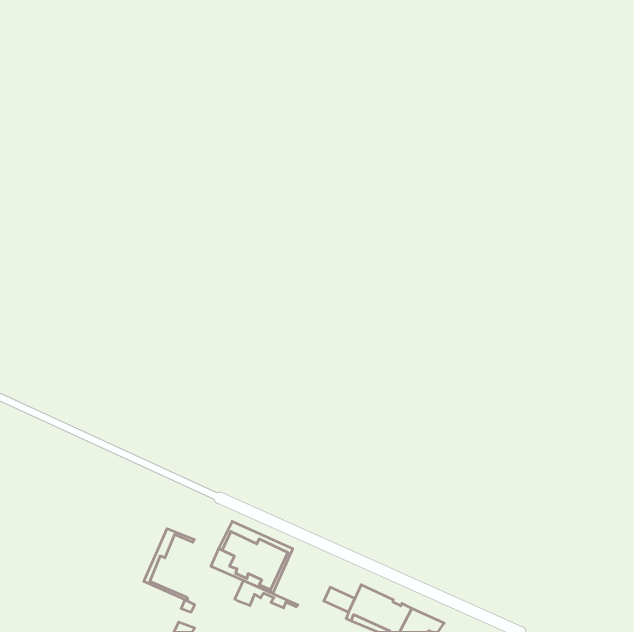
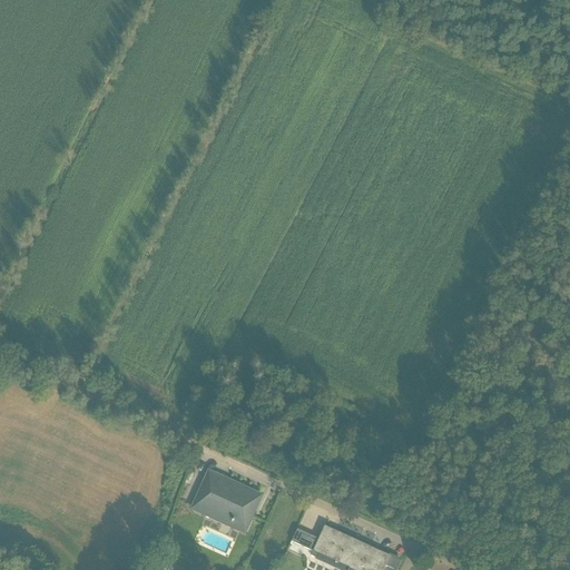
building: [144,529,194,601] -> none
building: [235,580,298,608] -> none

